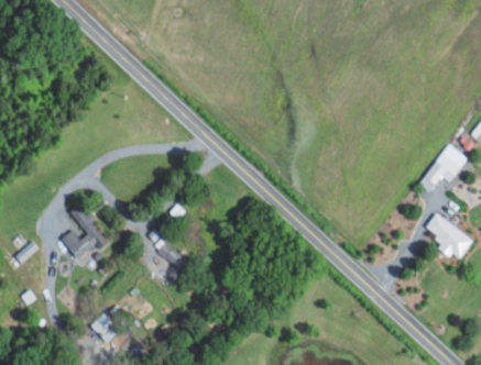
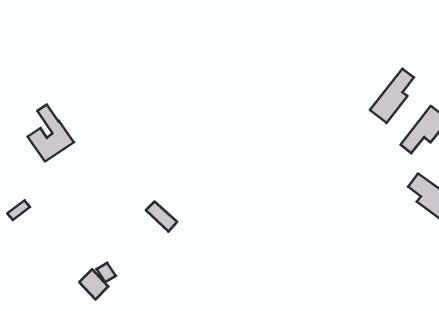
building: none -> [370,69,414,123]
building: [61,204,108,263] -> [28,105,74,161]

